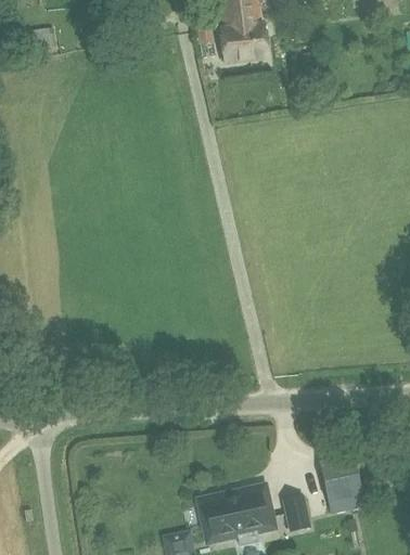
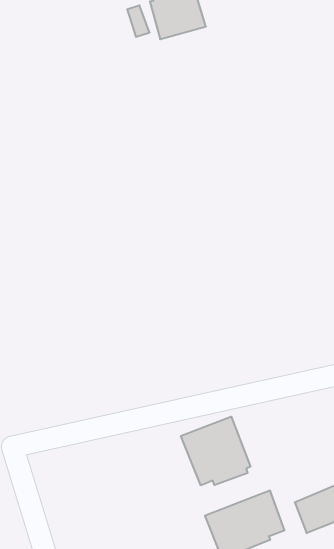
building: none -> [181,417,250,485]

